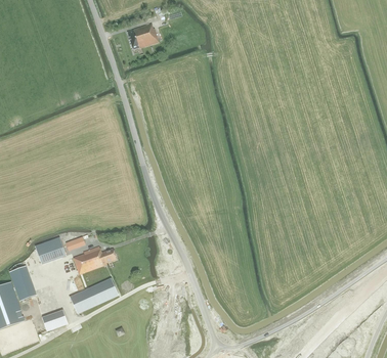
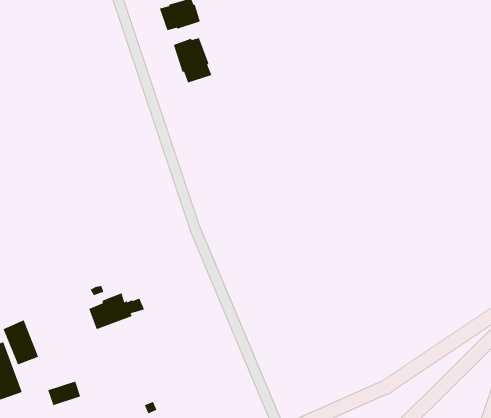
building: none -> [173,37,212,83]
building: [35,236,64,263] -> none
building: [70,278,118,311] -> none

